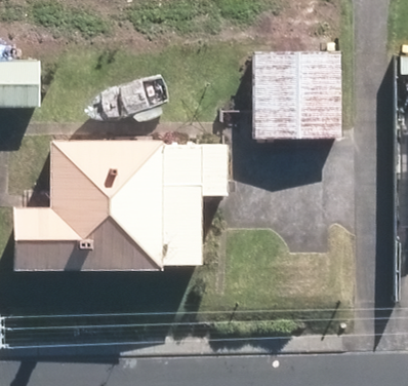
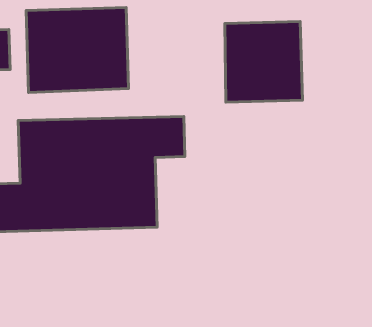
building: none -> [26,8,129,92]

